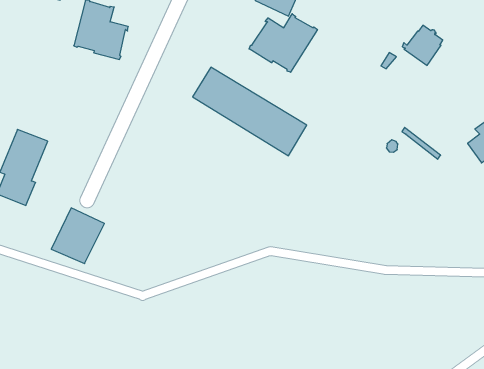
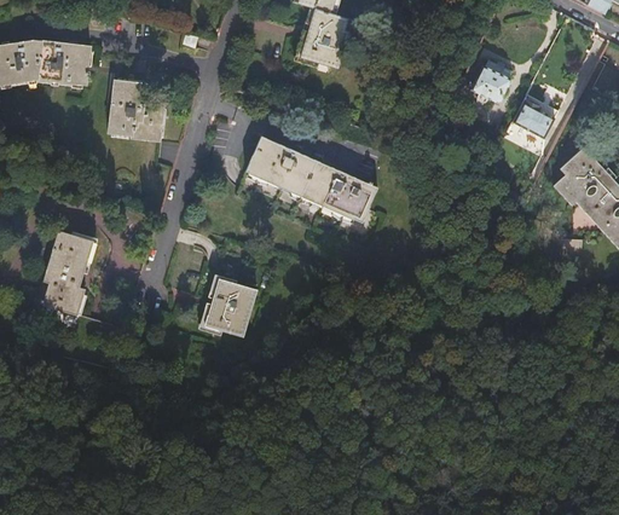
building: [249,14,317,72] -> none
building: none -> [510,97,554,138]
building: [51,208,104,264] -> [203,278,258,337]

